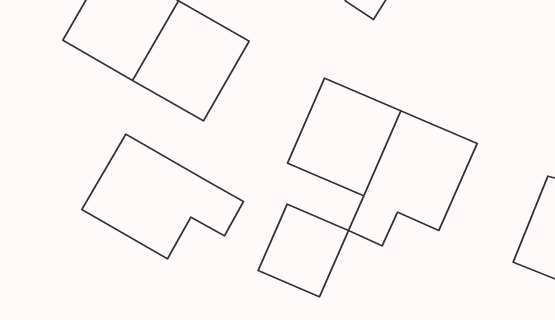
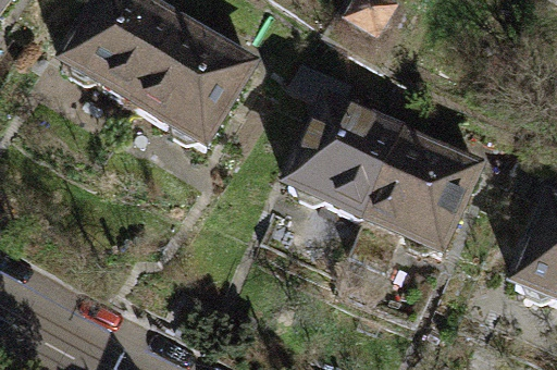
building: [82,134,244,259] -> none
building: [258,204,348,297] -> none

